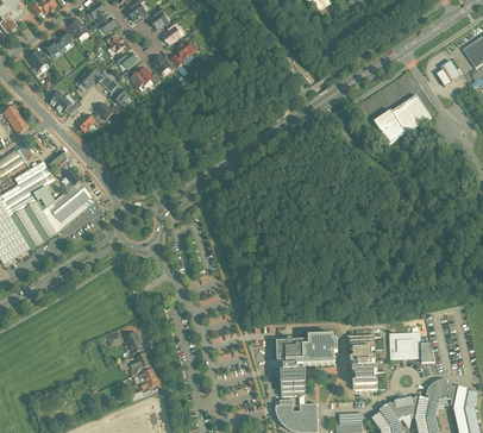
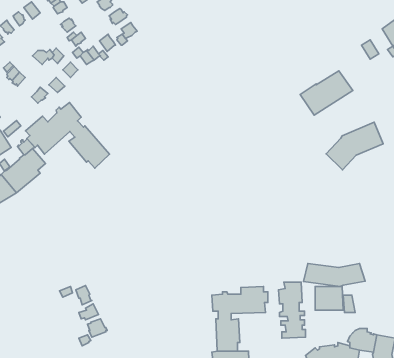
building: none -> [26,103,110,168]
building: none -> [326,122,383,170]
building: none -> [304,264,365,286]

